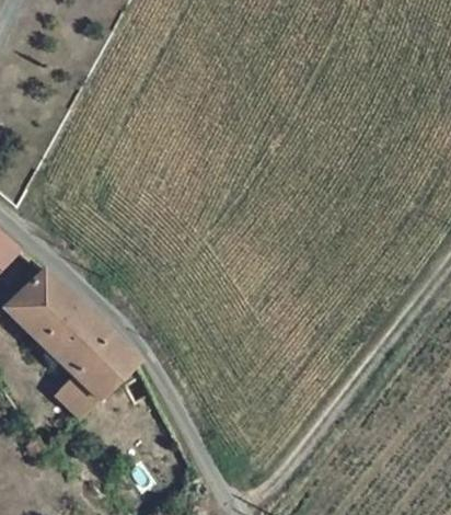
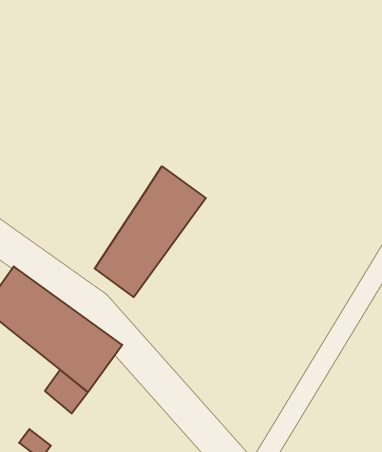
building: none -> [95,166,206,297]

